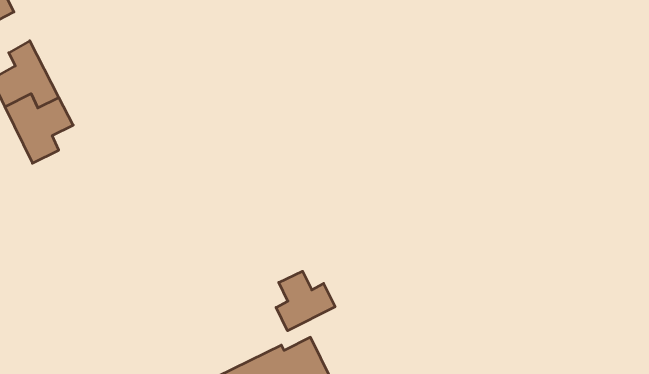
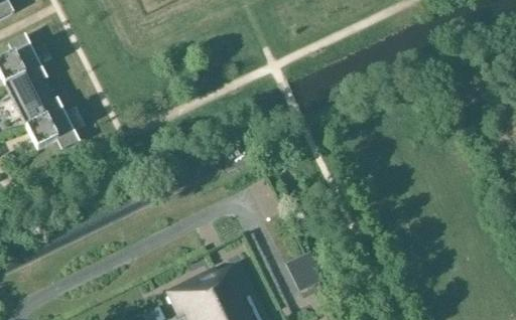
building: none -> [28,101,81,152]
building: [276,271,335,331] -> none

